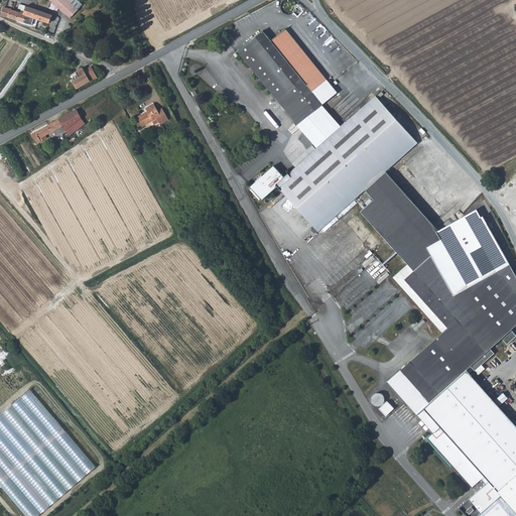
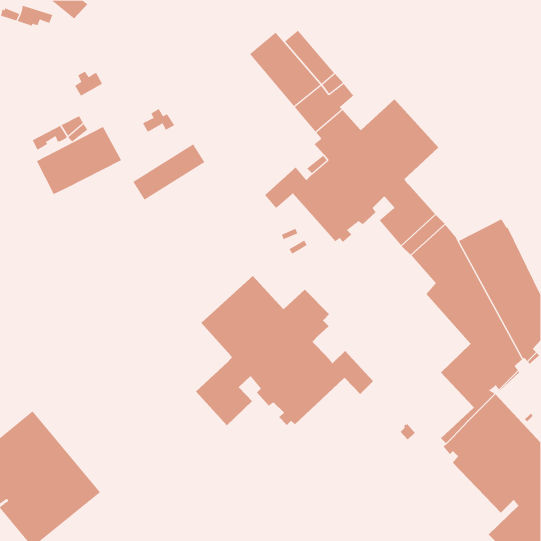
building: none -> [36,126,122,195]
building: none -> [132,144,205,201]
building: none -> [195,275,374,426]
building: [387,355,449,417] -> none

